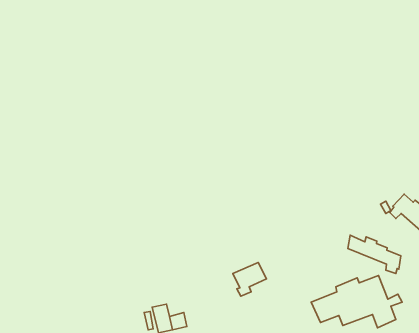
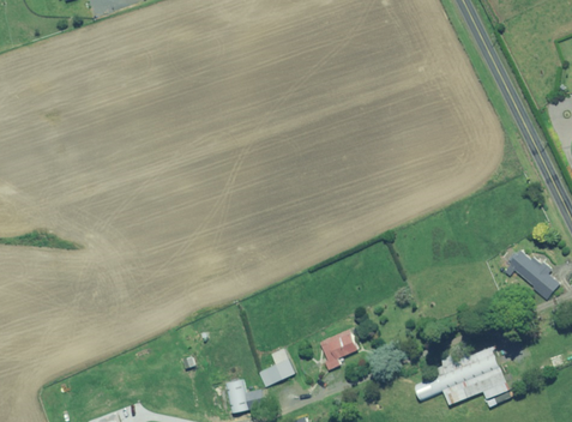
building: [348,235,401,274] -> none
building: none -> [258,349,294,387]

